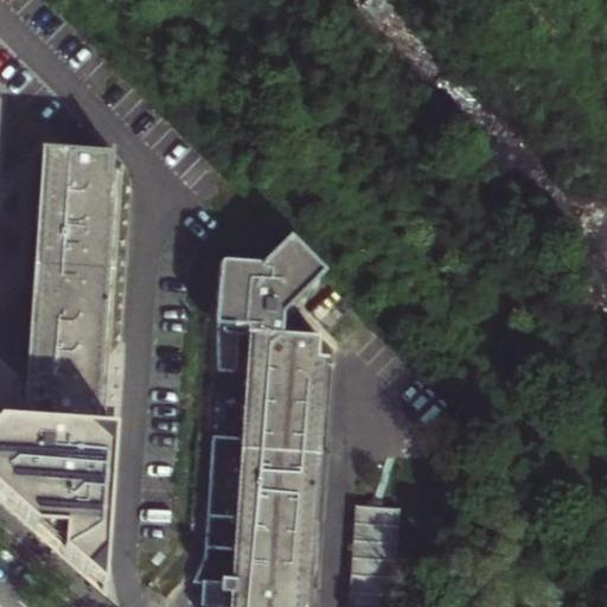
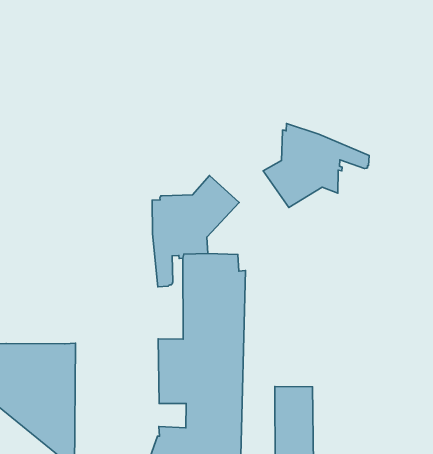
building: [27,146,117,433] -> none
building: none -> [263,124,369,207]

